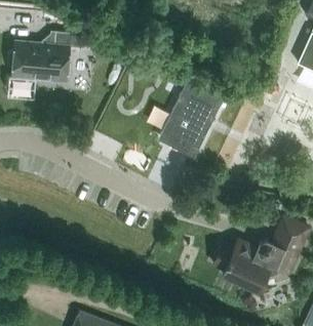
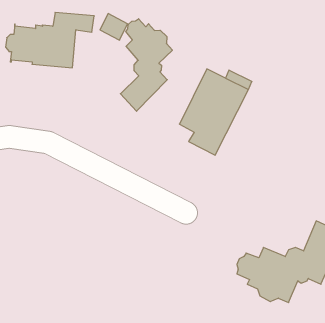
building: none -> [120,19,172,111]

